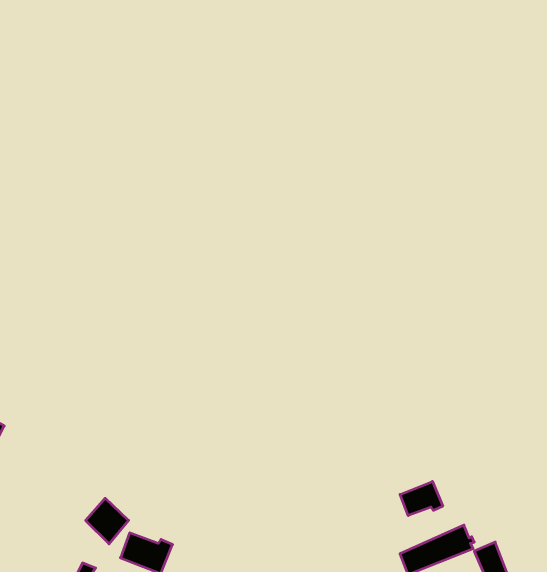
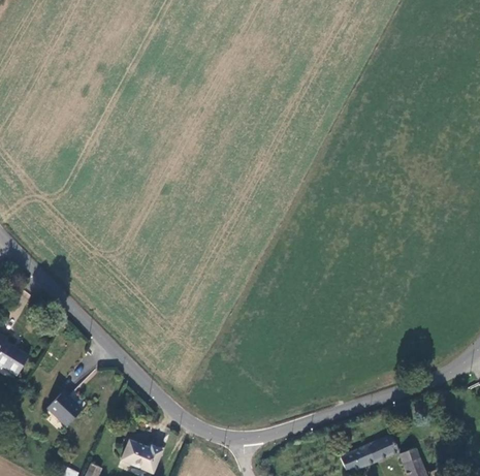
building: [400,481,443,516] -> none
building: [86,498,129,544] -> [46,391,81,427]

